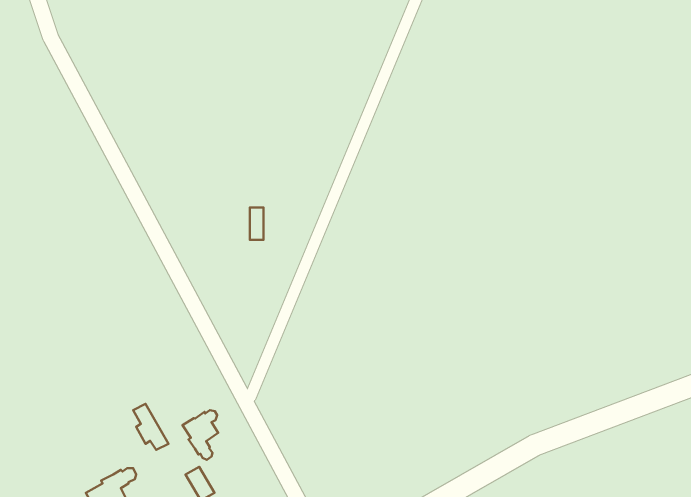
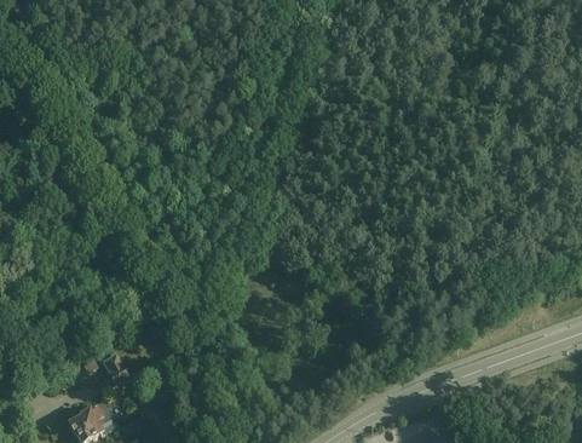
building: [183,410,218,460] -> none

